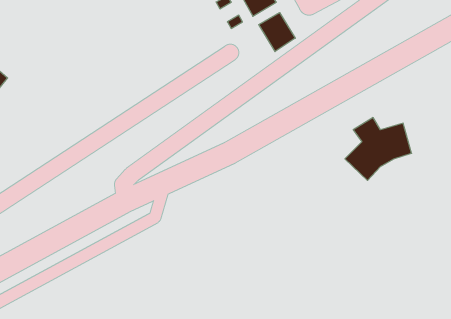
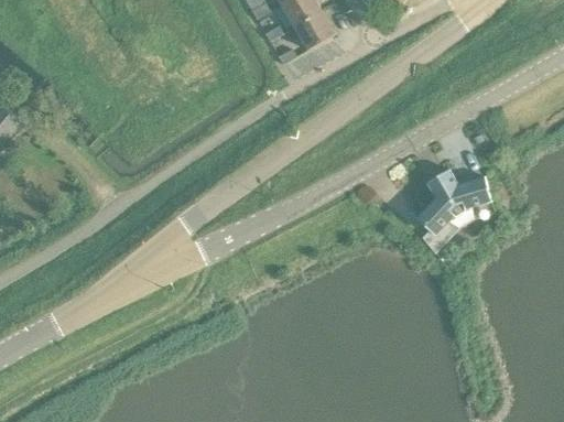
building: [259,13,295,52] -> none

